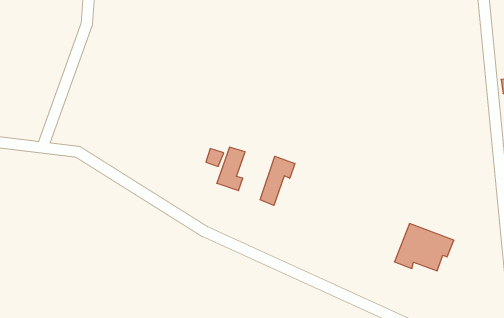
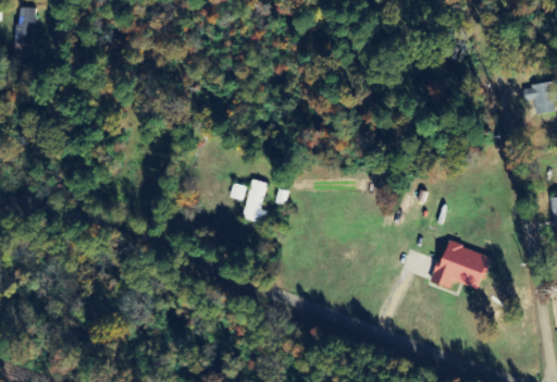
building: [260,156,295,205] -> none

